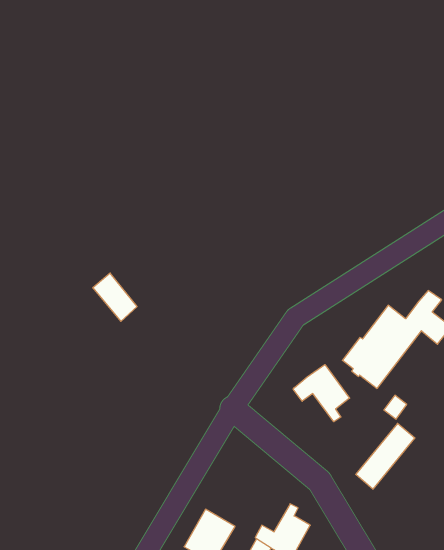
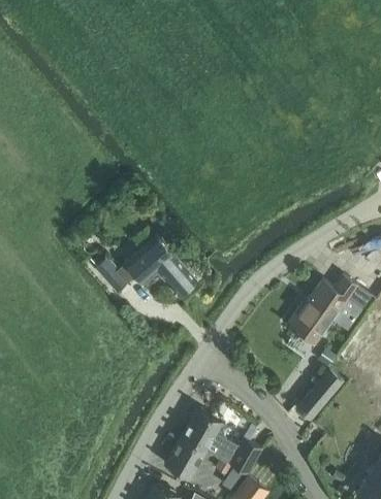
building: none -> [124,236,196,299]
building: [293,365,350,422] -> none
building: none -> [181,410,229,460]

